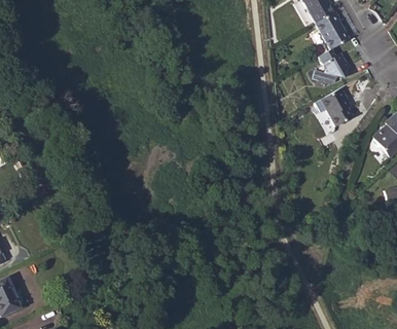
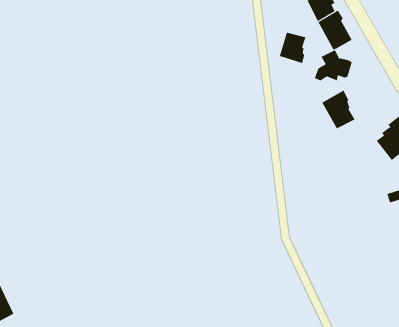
building: none -> [279,32,306,64]

